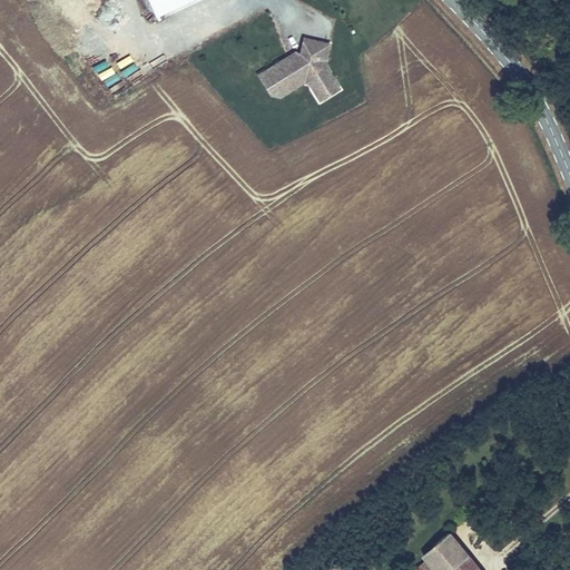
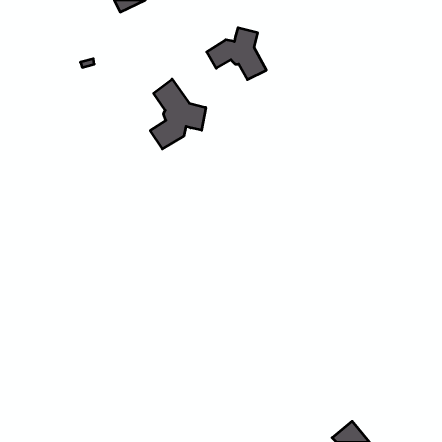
building: [256,67,303,96] -> none
building: none -> [150,79,206,149]

